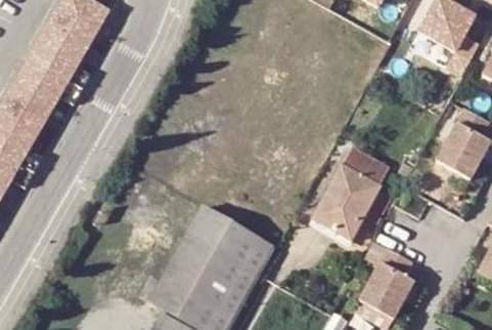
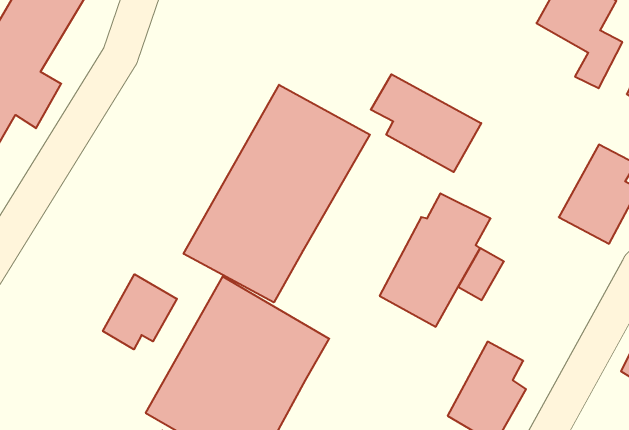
building: none -> [371,74,481,172]
building: none -> [184,85,370,302]
building: none -> [103,274,177,349]

